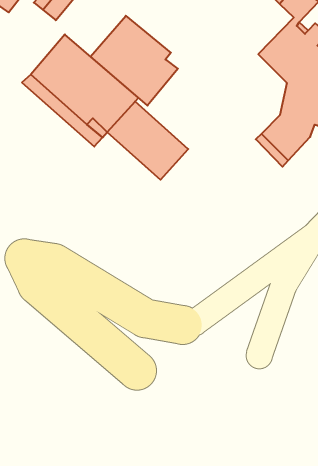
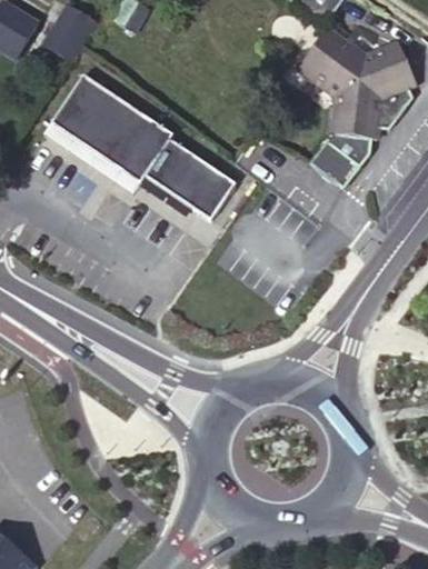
building: [90,16,178,106] -> none

